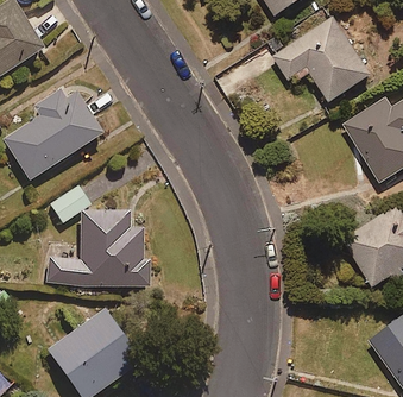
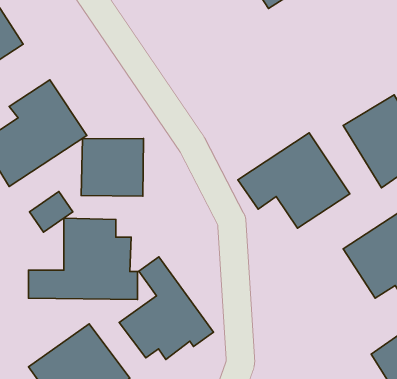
building: [272,12,377,101] -> [238,133,350,228]
building: none -> [81,139,143,196]
building: none -> [119,257,214,359]

